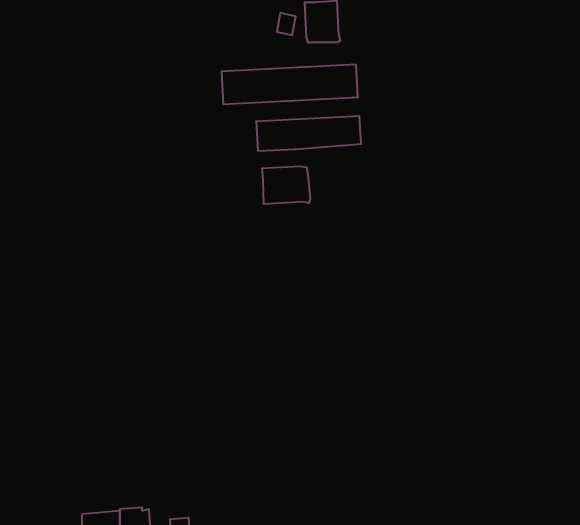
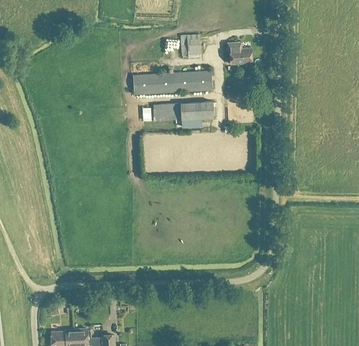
building: none -> [227,42,252,64]
building: [262,166,310,204] -> none

